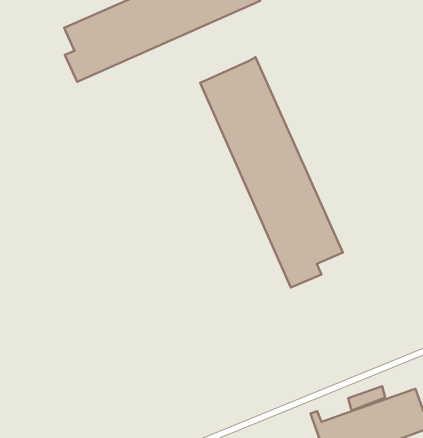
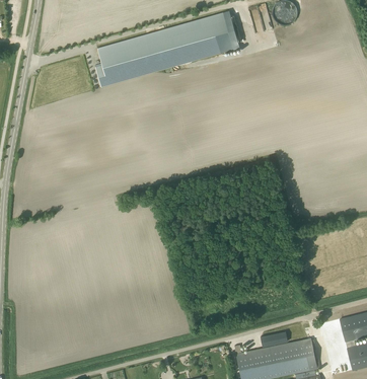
building: [200,57,343,288] -> none

